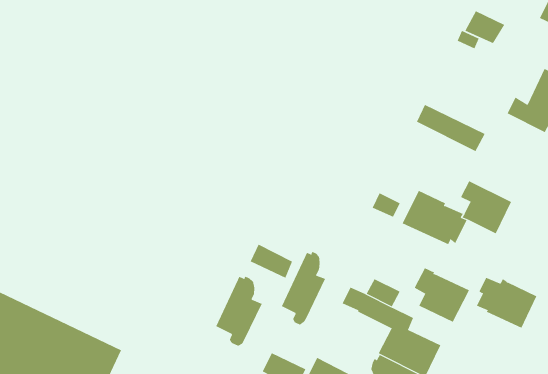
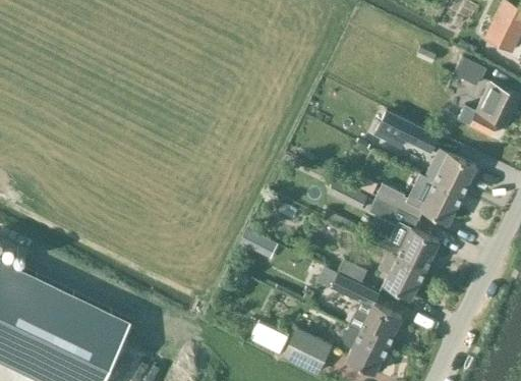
building: [465,10,505,44] -> [452,58,486,87]
building: none -> [425,150,476,196]
building: [281,250,326,326] -> none
building: [216,274,262,347] -> none
building: [476,277,537,328] -> [388,227,440,271]

